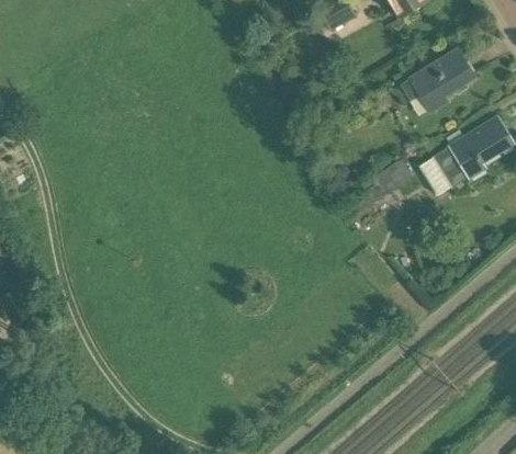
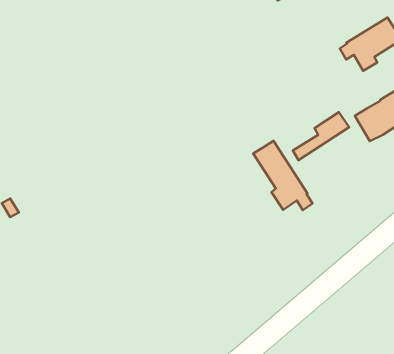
building: none -> [253,141,313,210]

